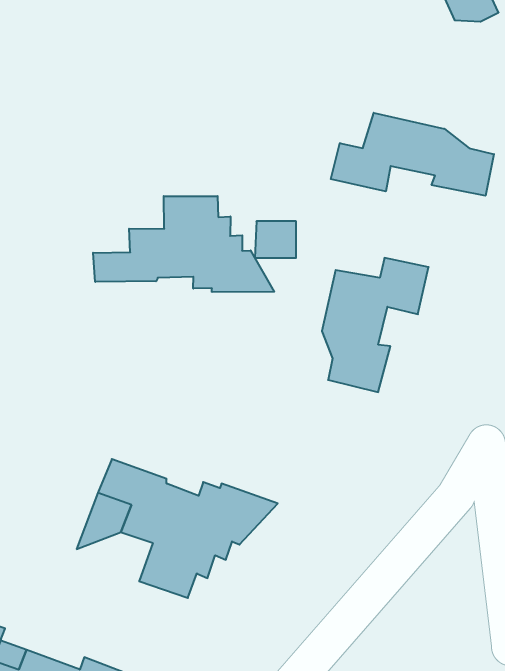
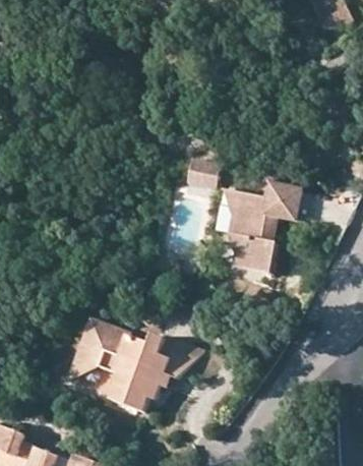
building: [331,113,494,196] -> none
building: [93,196,274,292] -> none

